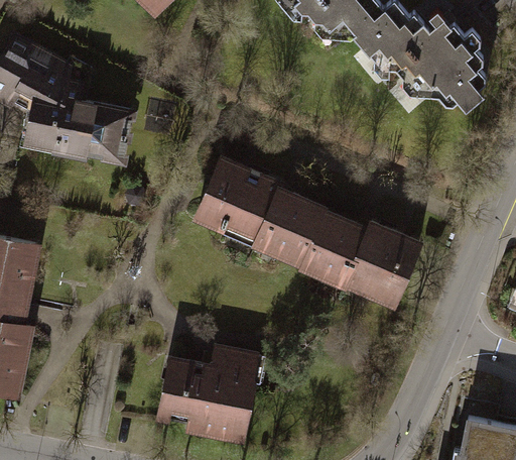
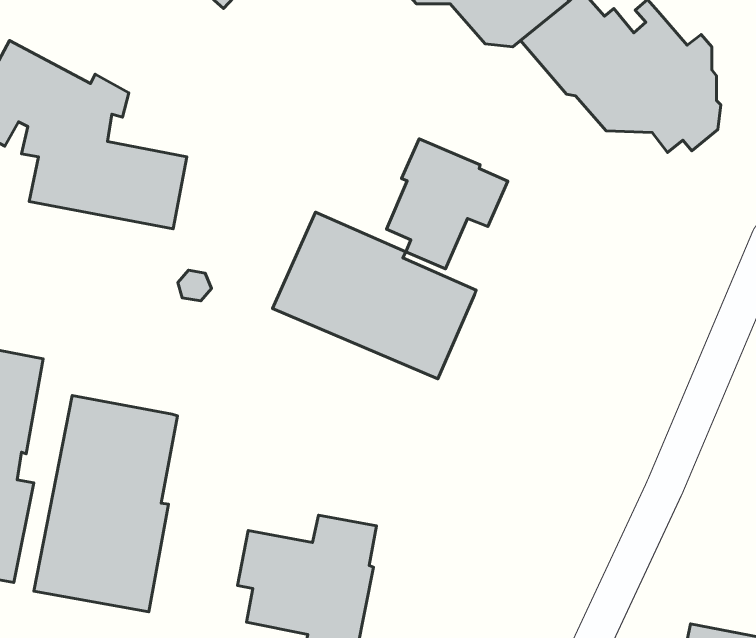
building: none -> [387,139,508,269]
building: [296,206,421,304] -> none
building: none -> [34,396,177,612]

